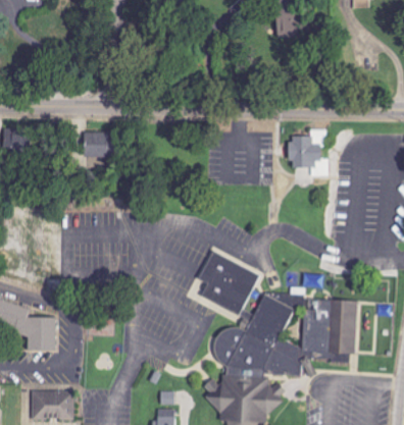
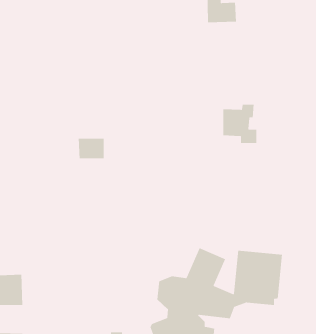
building: [82,131,112,156] -> [78,138,105,159]
building: [197,251,257,315] -> none

